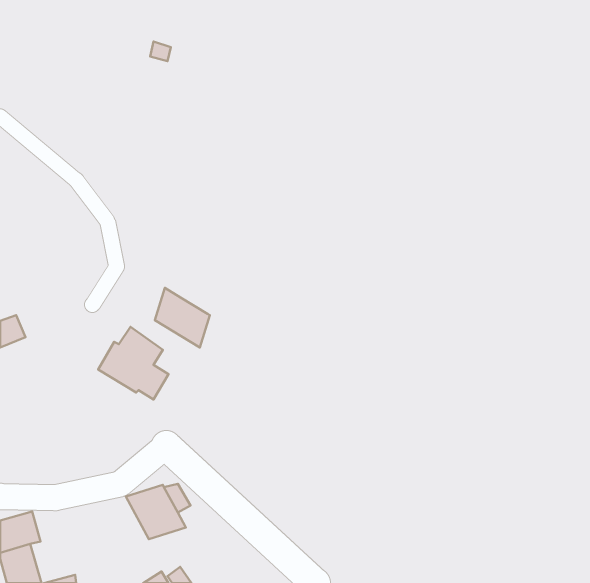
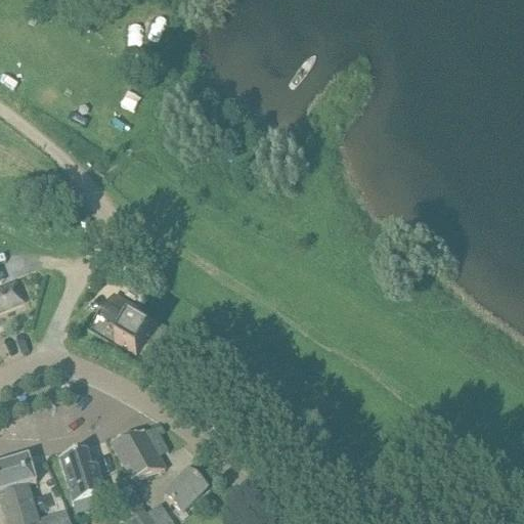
building: [155,288,210,347] -> none
building: none -> [58,447,106,500]
building: none -> [164,467,207,510]

